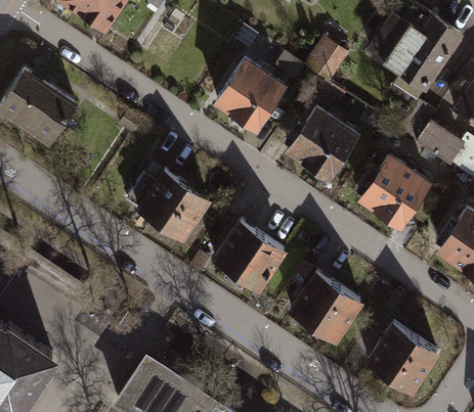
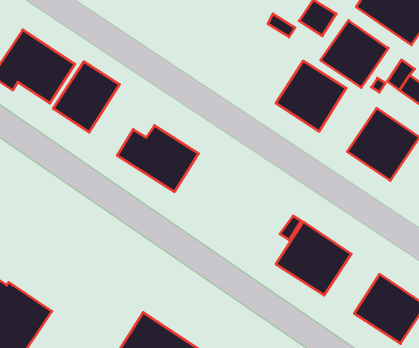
building: [211,56,283,128] -> none
building: none -> [321,20,388,88]
building: none -> [53,62,120,132]
building: [210,220,283,288] -> none

